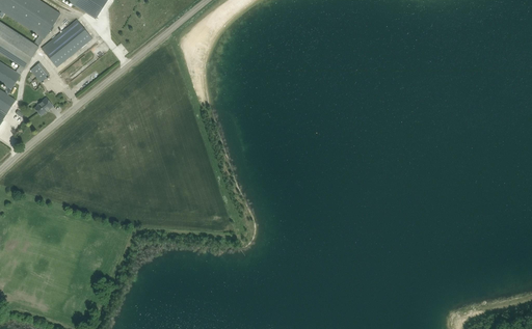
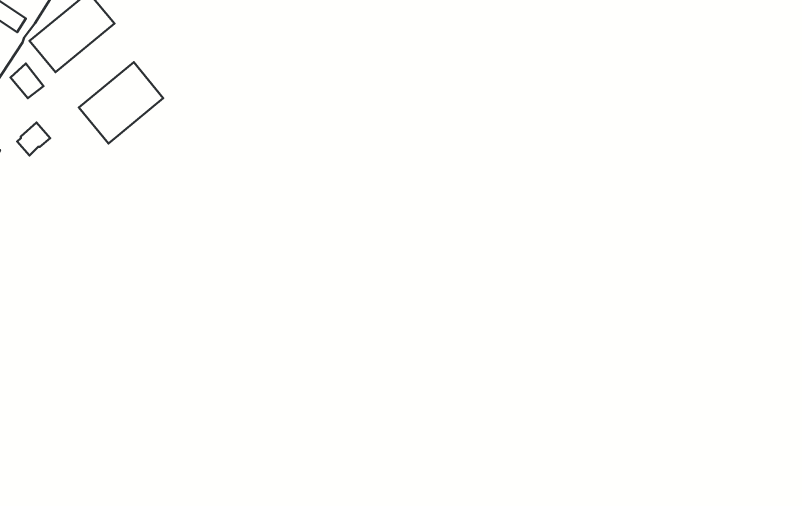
building: none -> [79,62,163,143]

